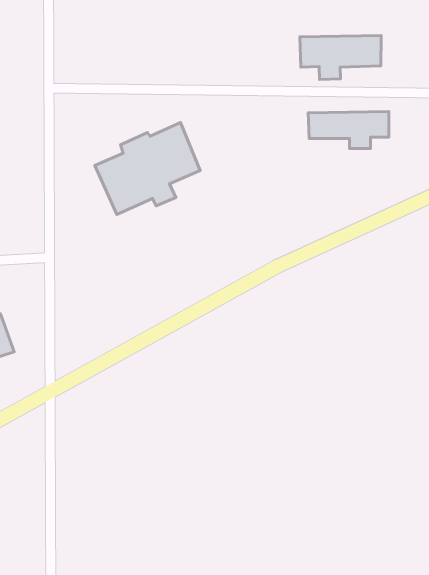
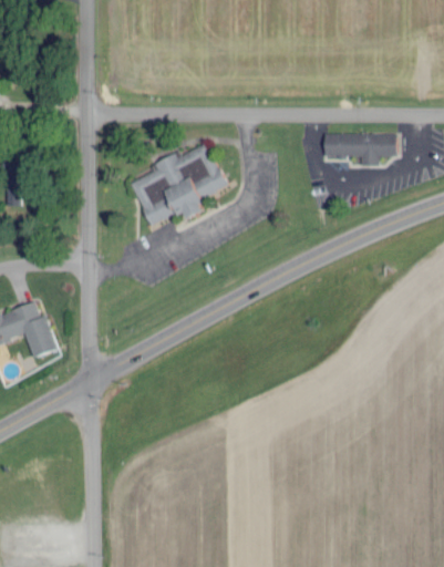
building: [300,36,381,79] -> none

